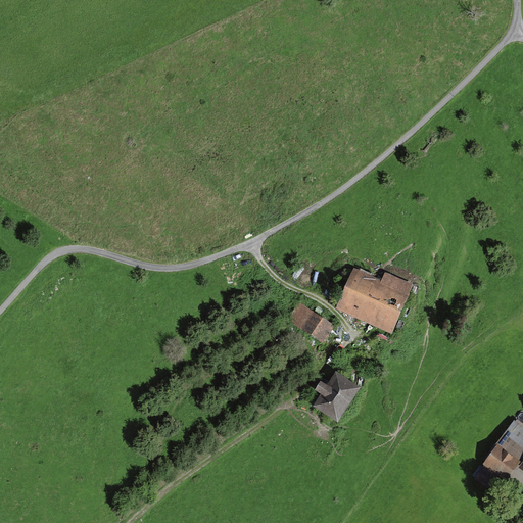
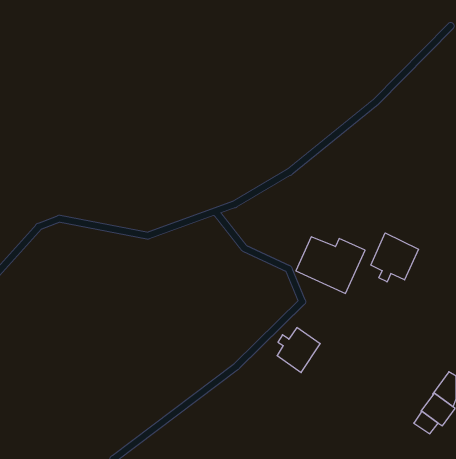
building: none -> [371,233,419,282]
building: [286,303,333,342] -> none

